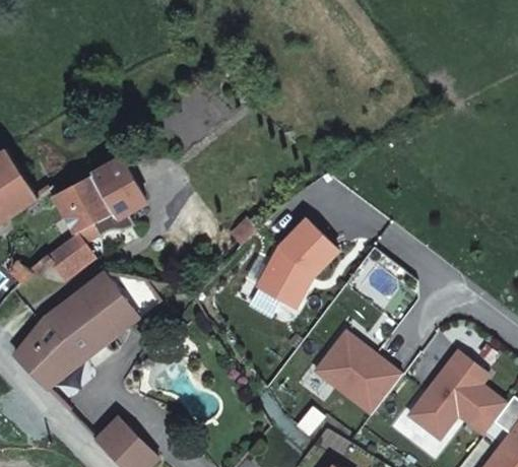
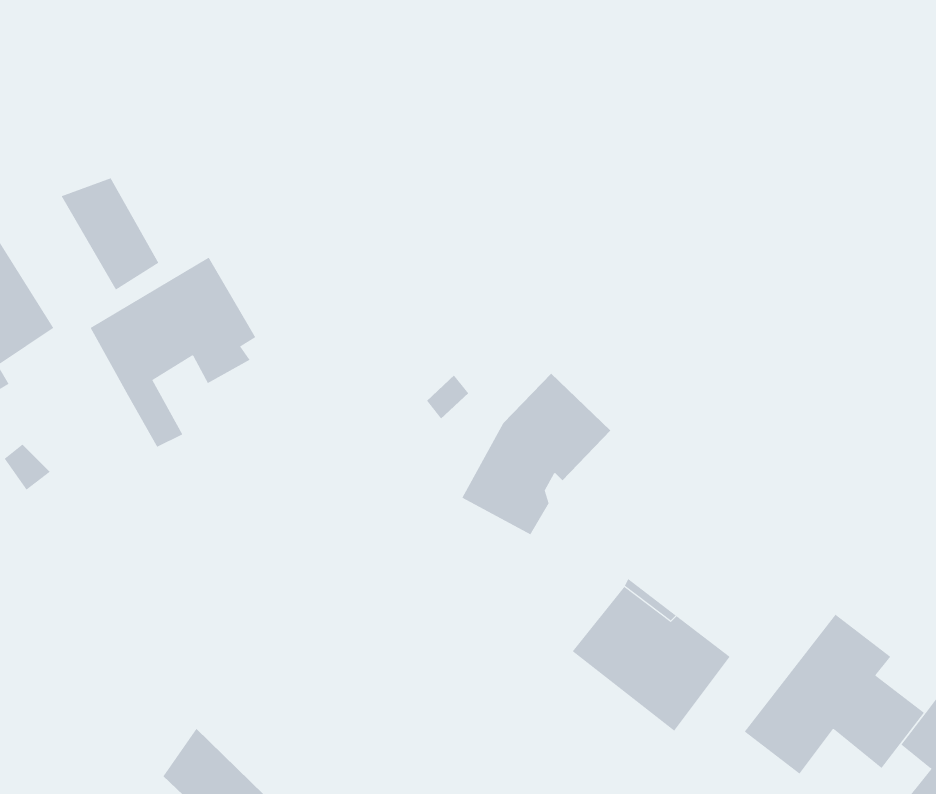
building: none -> [61,178,159,291]
building: [48,232,90,281] -> none
building: [14,271,160,387] -> none

